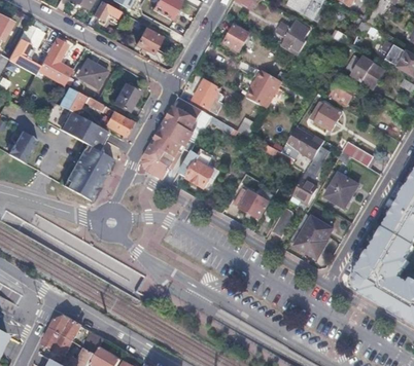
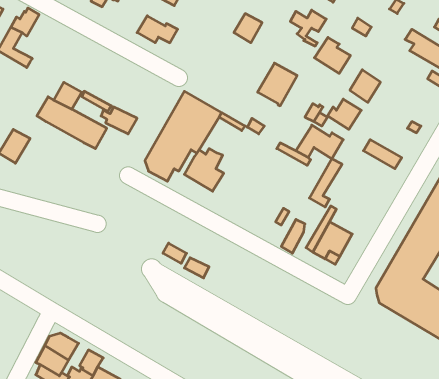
building: [37,38,72,84] -> none
building: [350,58,383,90] -> [314,37,350,73]
building: [76,59,108,89] -> none
building: [193,79,229,114] -> none
building: [113,83,139,111] -> none
building: [63,144,113,199] -> none
building: [324,172,358,208] -> none
building: [233,188,268,218] -> none

